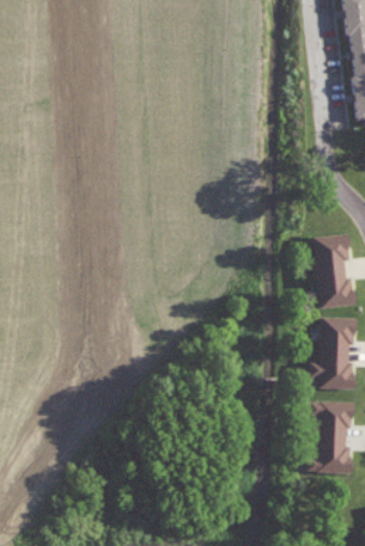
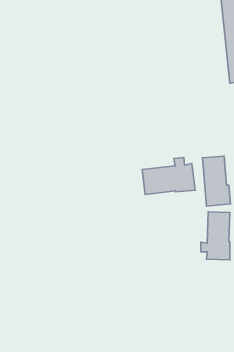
building: none -> [142,158,195,194]
building: [306,401,352,472] -> none

